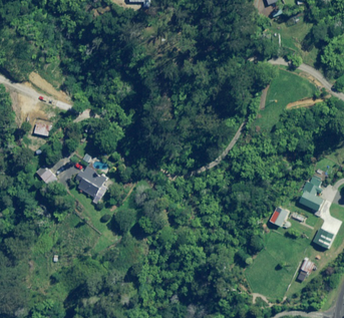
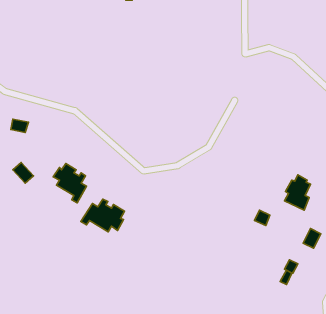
building: none -> [81,199,124,232]

